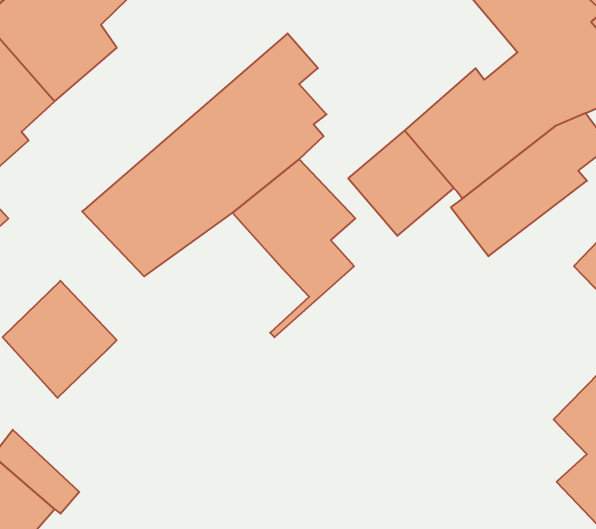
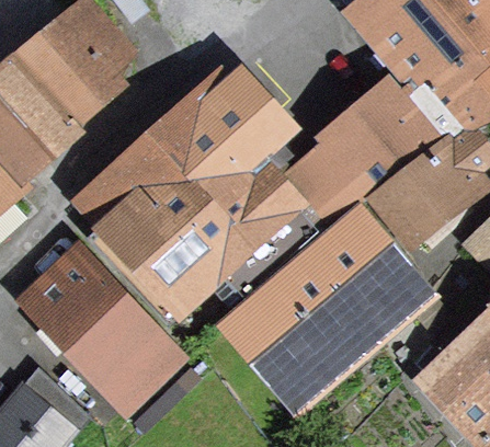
building: none -> [123,204,242,314]
building: none -> [236,227,407,386]
building: none -> [72,307,169,405]

